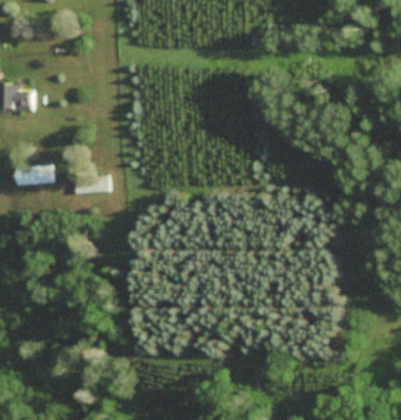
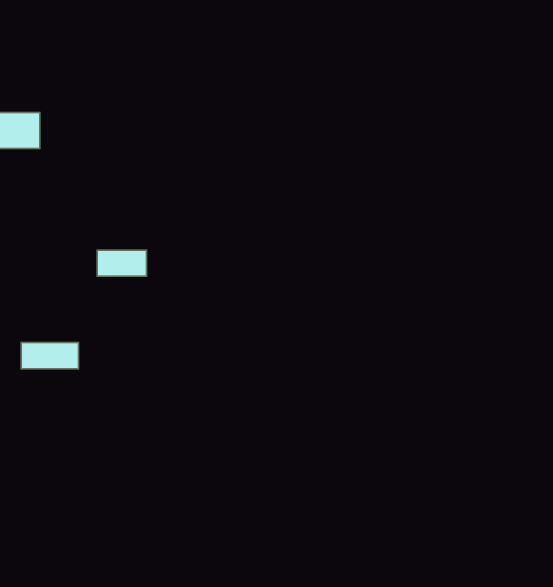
building: [19,167,57,184] -> [21,342,78,369]

